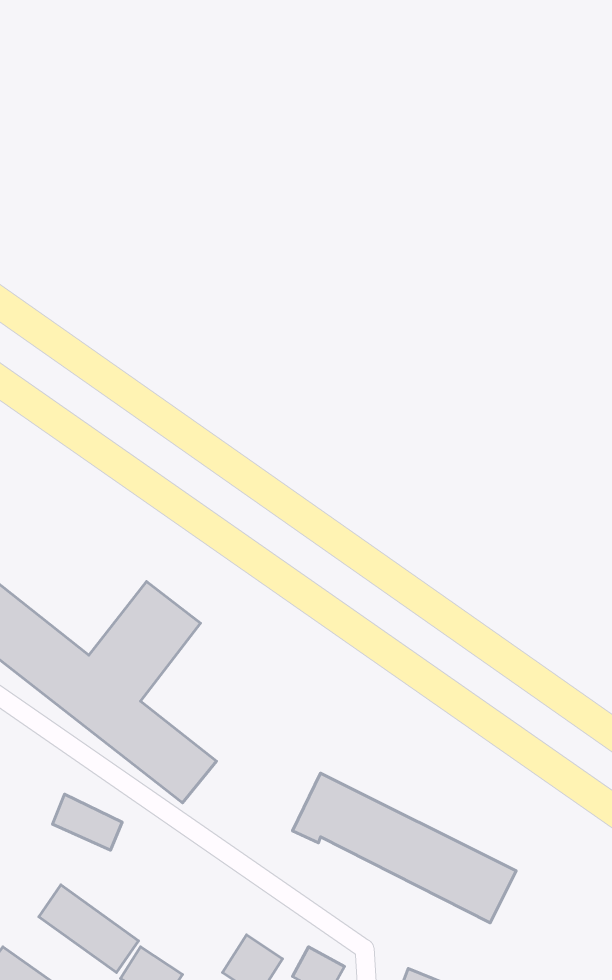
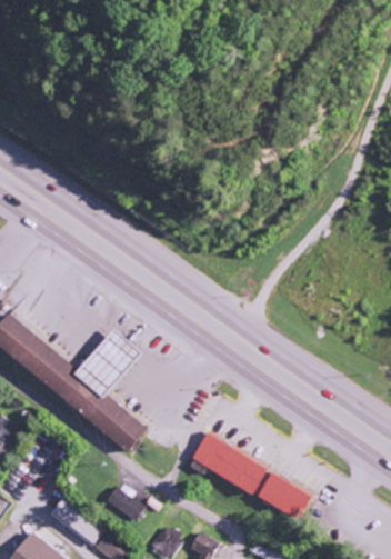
building: [52,794,122,850] -> [107,488,146,519]

